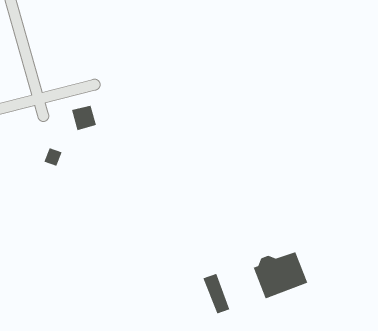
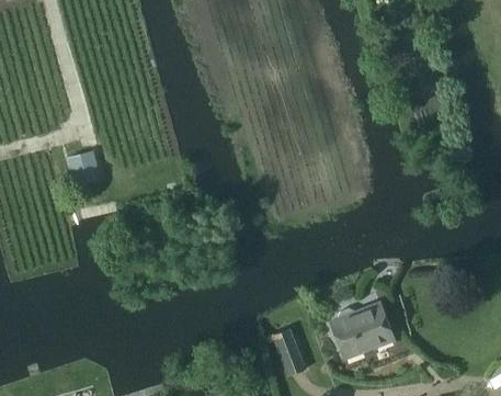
building: [71,105,97,131] -> [69,151,99,181]

